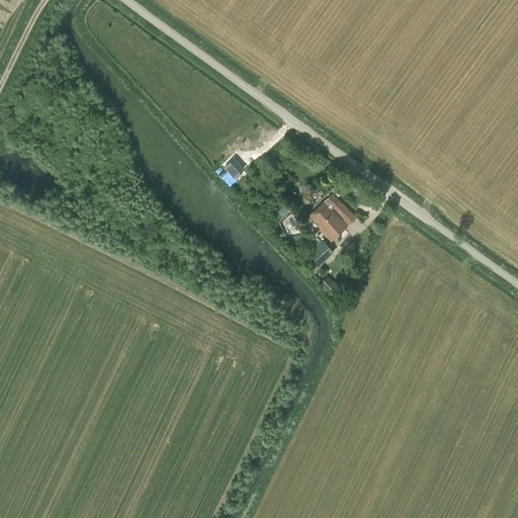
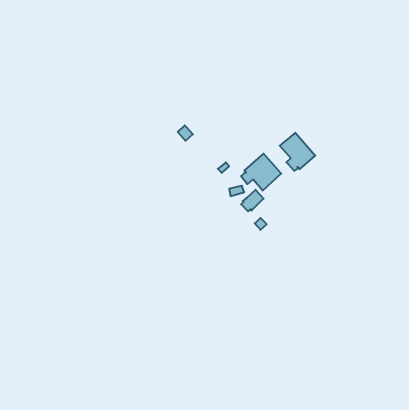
building: none -> [280,133,315,171]

